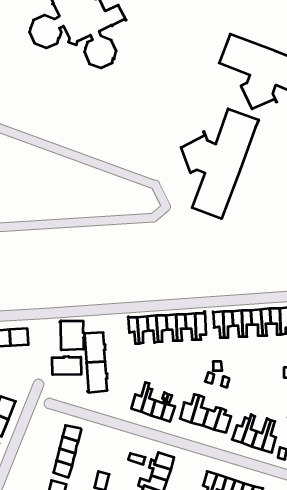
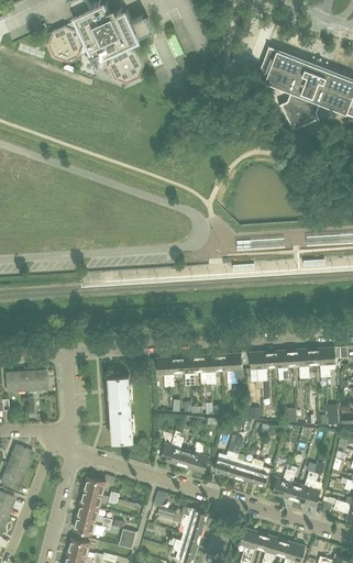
building: [181,109,259,219] -> none
building: [60,321,85,350] -> none
building: [52,356,81,375] -> none

